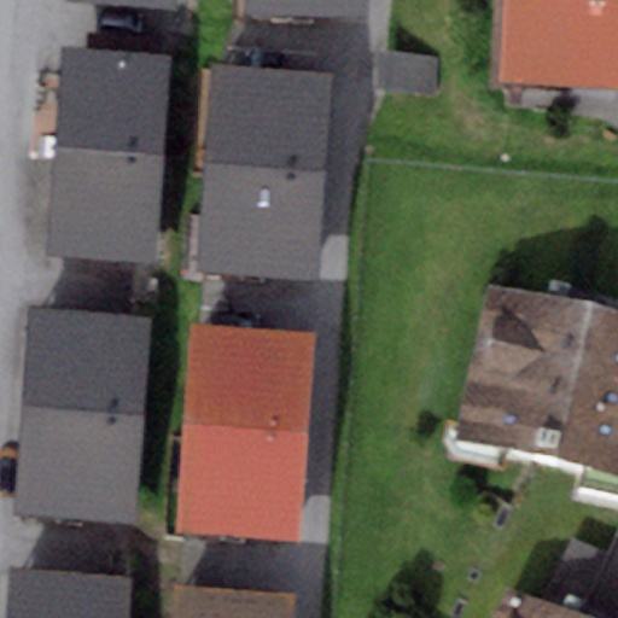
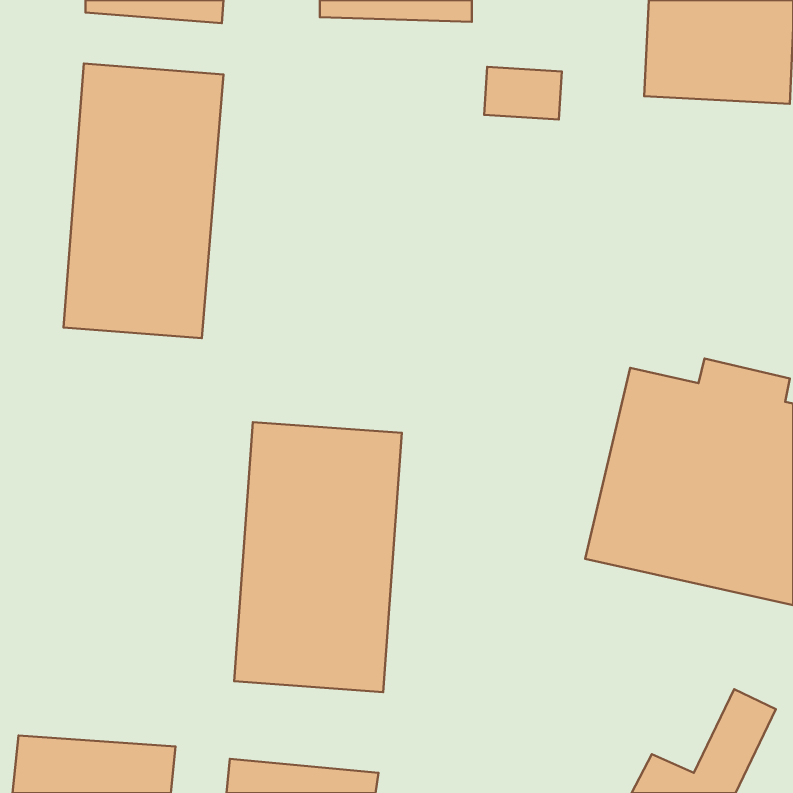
building: [199,66,331,284] -> none
building: [17,308,144,523] -> none

